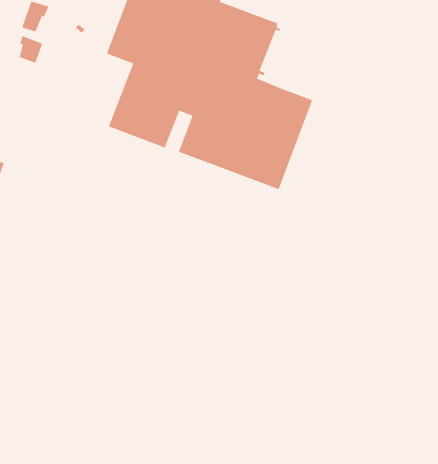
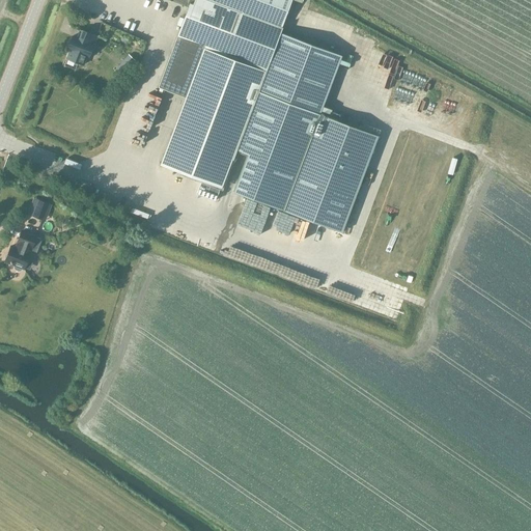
building: [19,35,43,64] -> none

